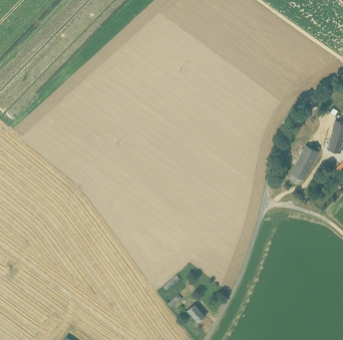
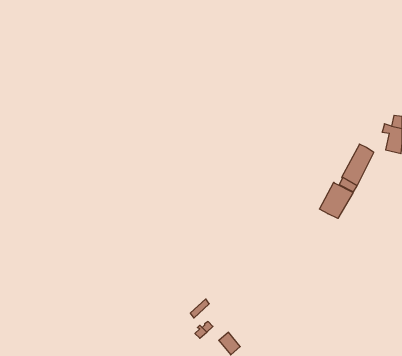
building: none -> [319,182,353,218]

